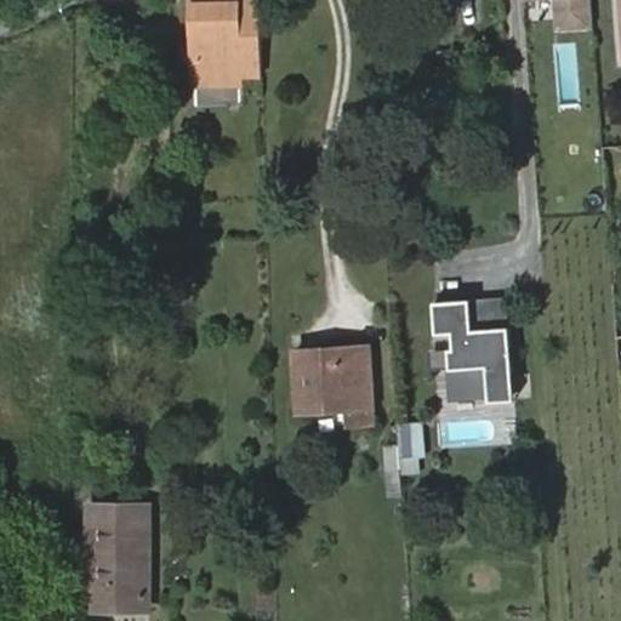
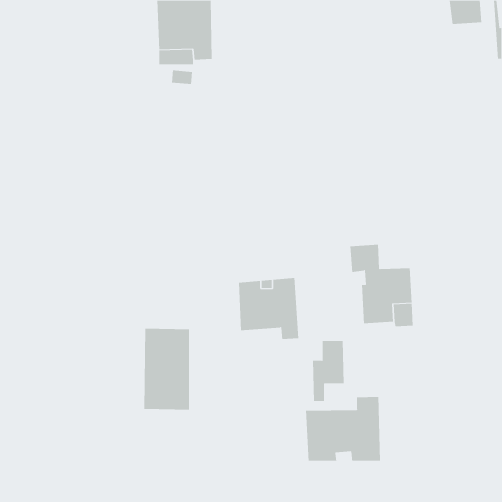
building: [467,301,506,332] -> none
building: none -> [305,396,380,462]
building: [87,507,144,608] -> [144,328,190,410]

